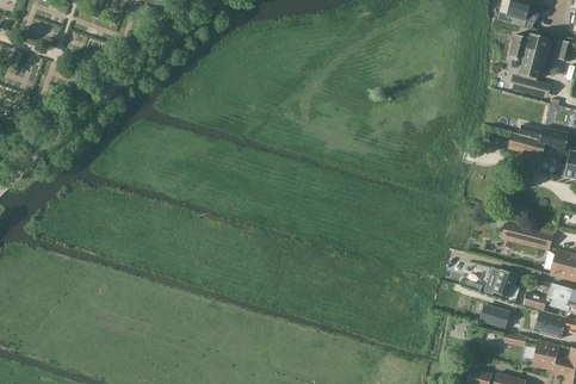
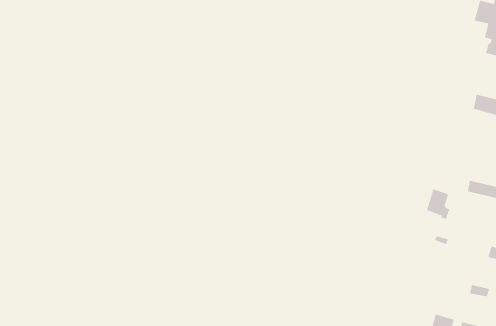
building: [493,268,519,301] -> [426,188,451,219]
building: [478,303,509,330] -> none

